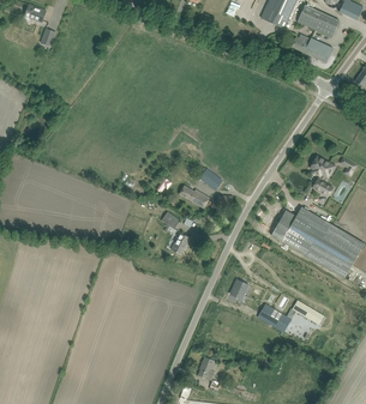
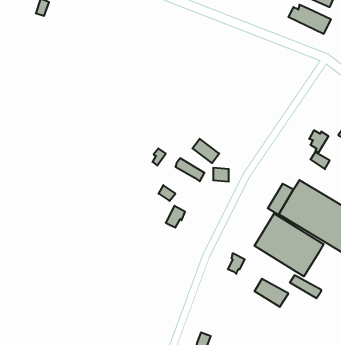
building: none -> [254,213,324,276]

